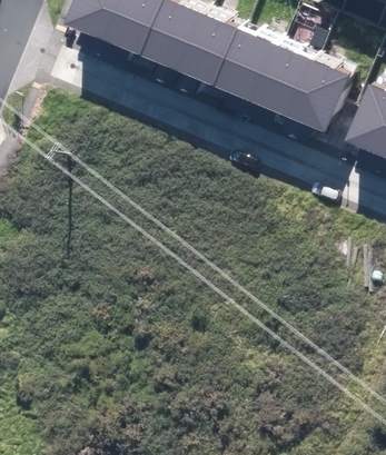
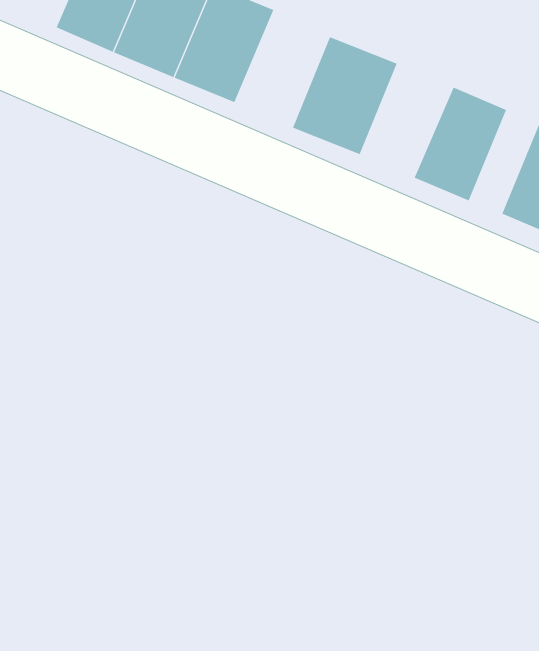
building: [179,13,239,87] -> none
building: [257,47,315,118] -> none

